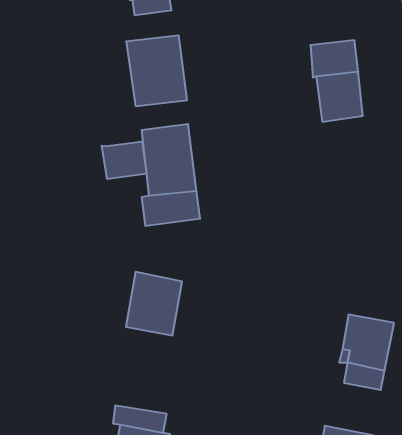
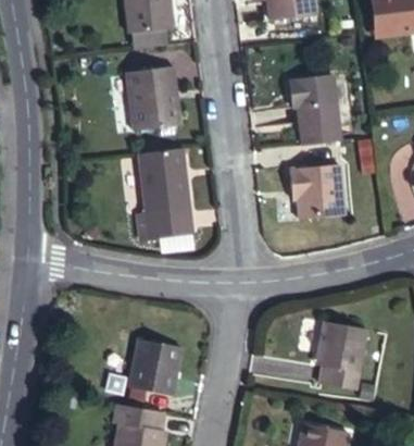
building: none -> [289,162,347,219]
building: [102,141,146,179] -> none
building: [126,272,182,335] -> [127,342,178,399]

